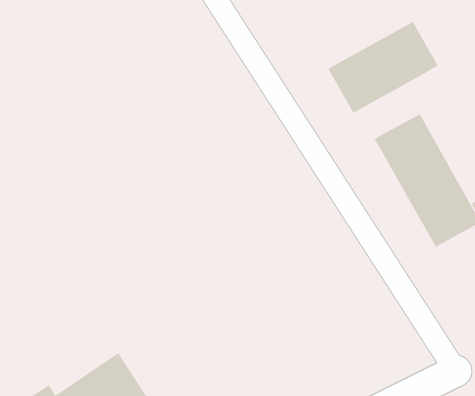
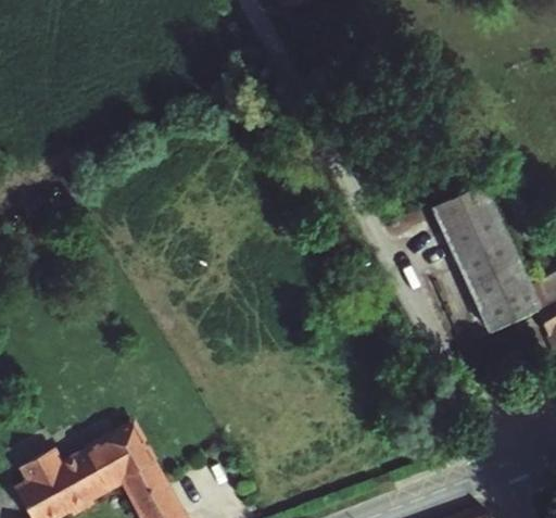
building: [327,21,439,114] -> none

